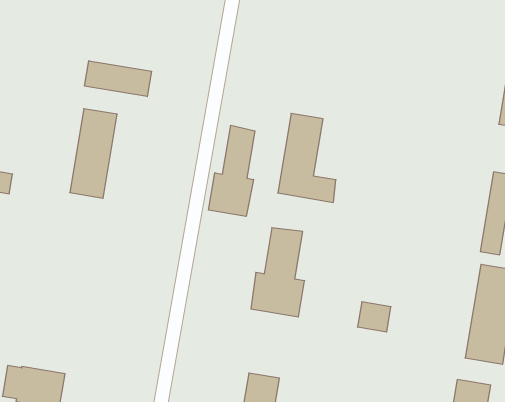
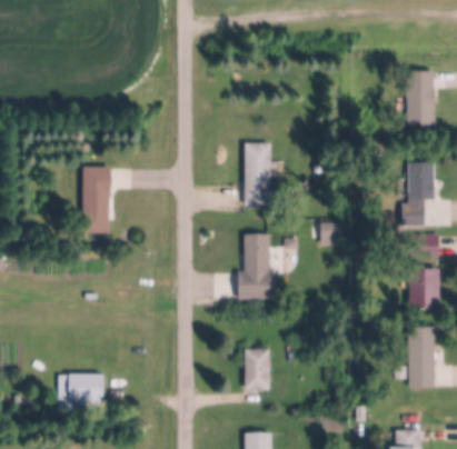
building: [85,61,152,97] -> none
building: [209,125,255,216] -> none
building: [357,302,391,332] -> [319,223,342,243]

